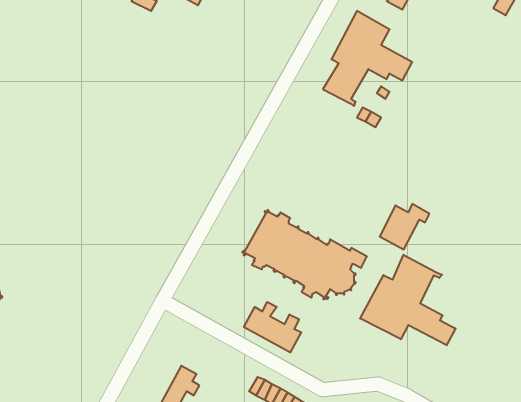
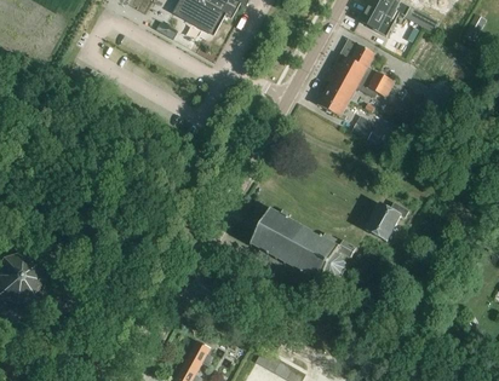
building: [360,255,456,345] -> none
building: [244,302,301,352] -> none

